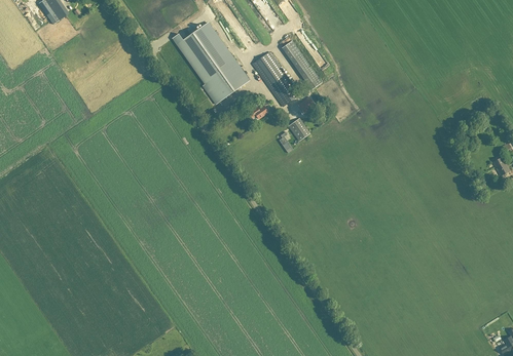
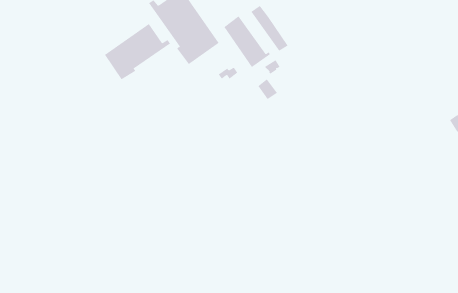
building: none -> [104,23,171,80]

